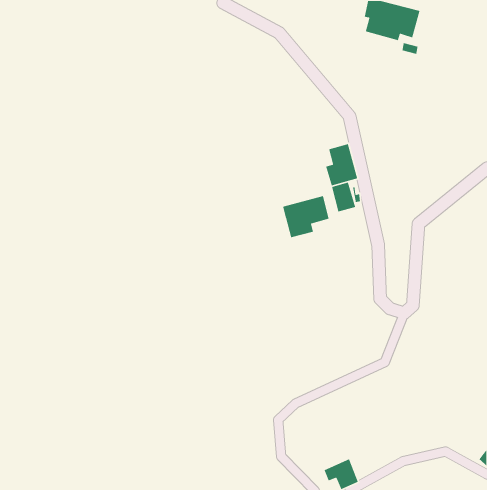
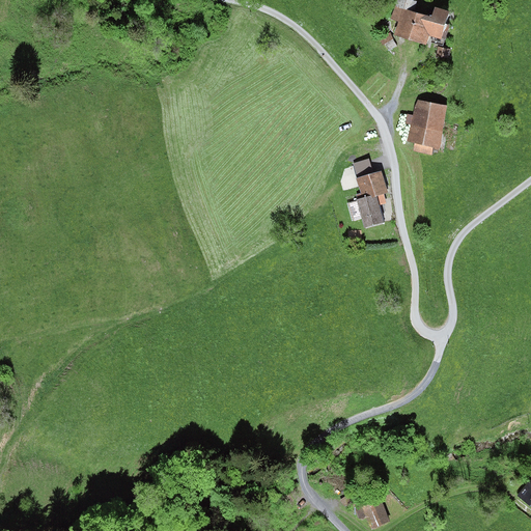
building: none -> [403,100,449,149]
building: [282,195,330,238] -> none

